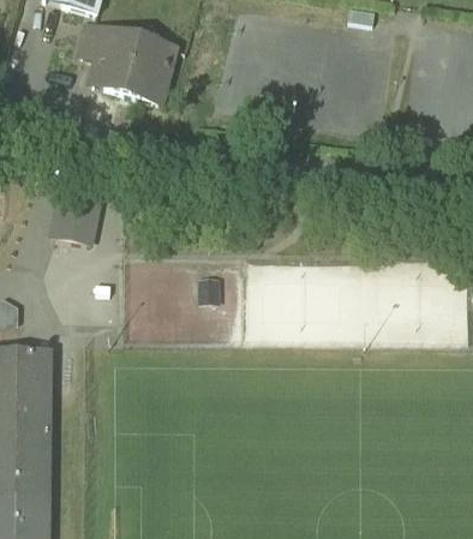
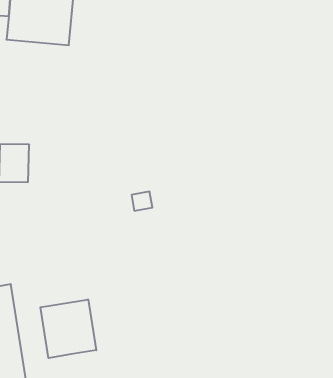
building: none -> [40,299,96,358]

